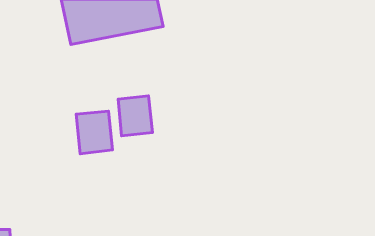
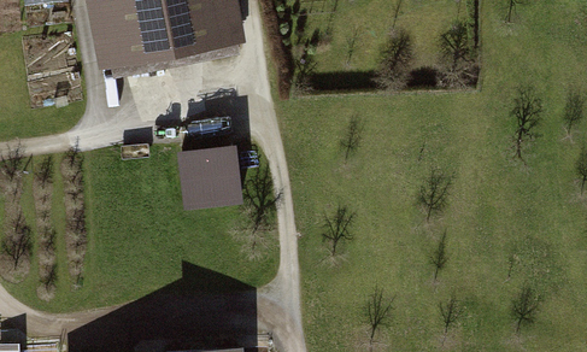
building: [76,111,112,154] -> none

